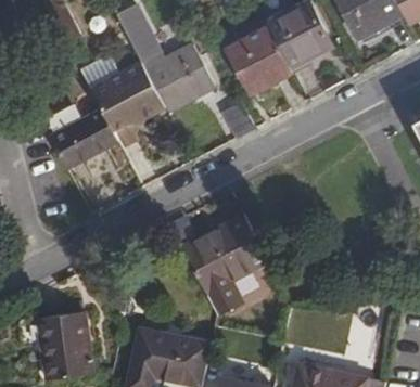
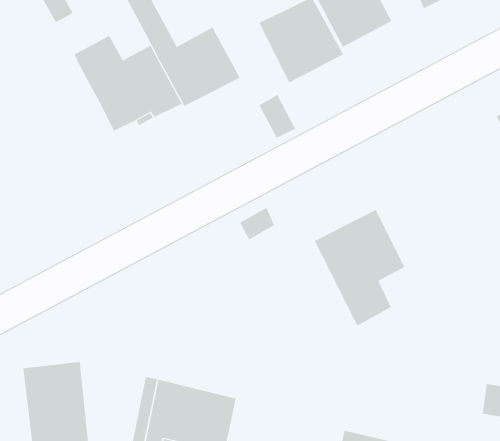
building: [52,109,119,169] -> none
building: [182,223,254,315] -> [314,209,405,326]

